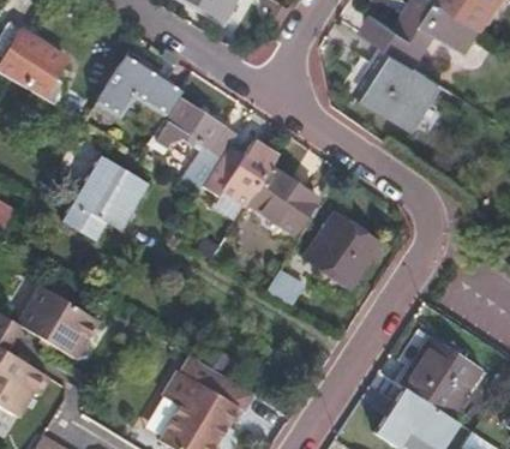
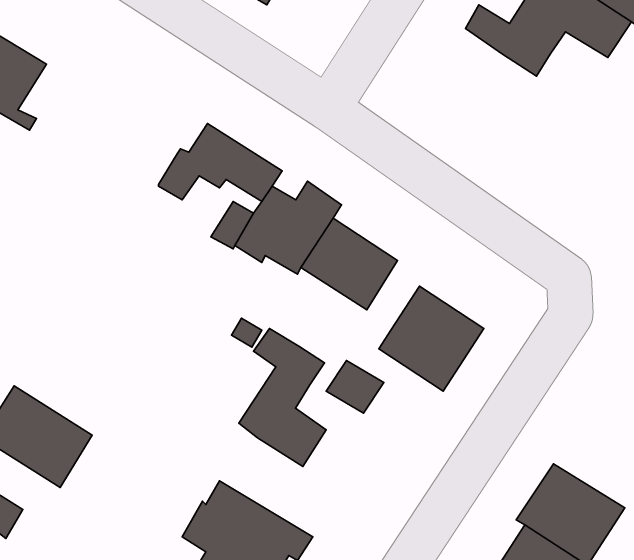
building: [344,50,442,128] -> none
building: [83,55,179,134] -> none
building: [61,157,145,241] -> none
building: none -> [239,329,326,467]

